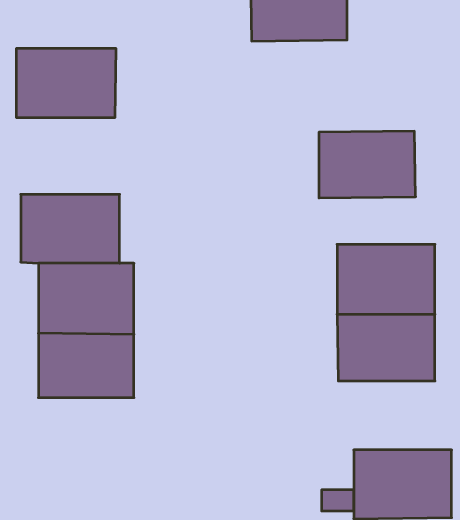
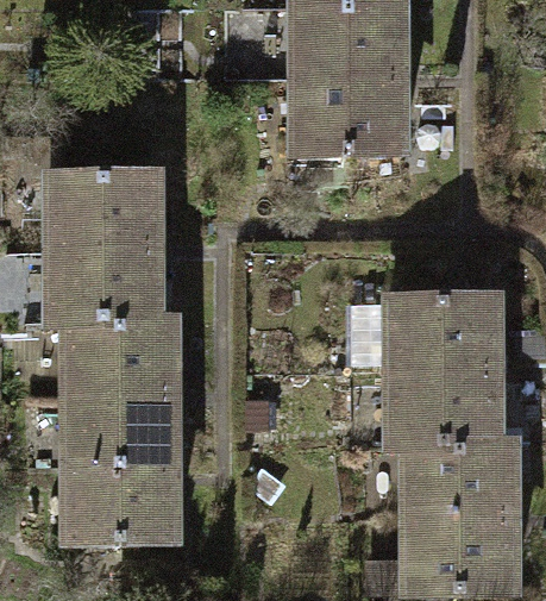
building: [16,49,116,117] -> [51,174,158,248]
building: [319,131,416,198] -> [299,82,402,154]
building: none -> [408,447,513,521]
building: none -> [70,465,172,539]

